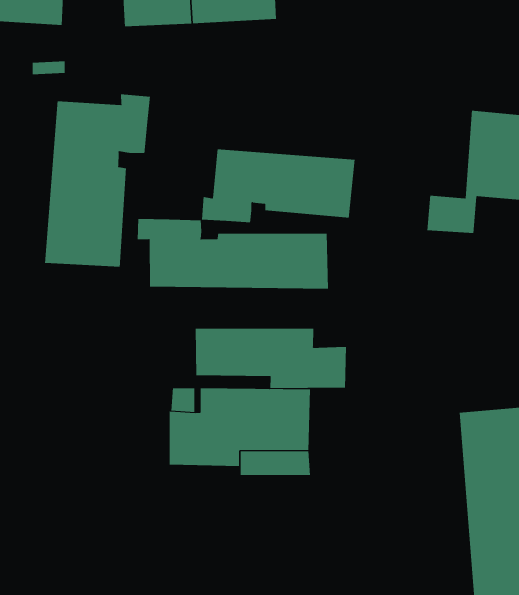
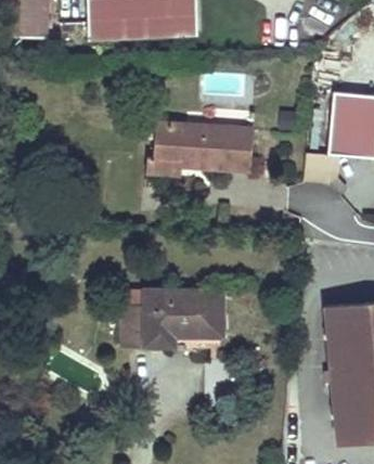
building: [45,94,150,267] -> none
building: [137,218,329,290] -> none
building: [195,328,346,389] -> none

